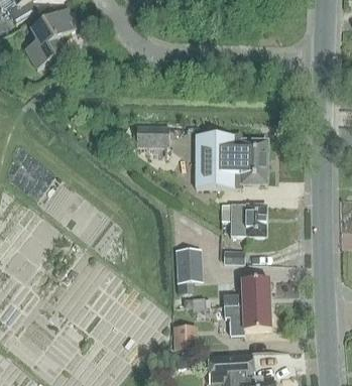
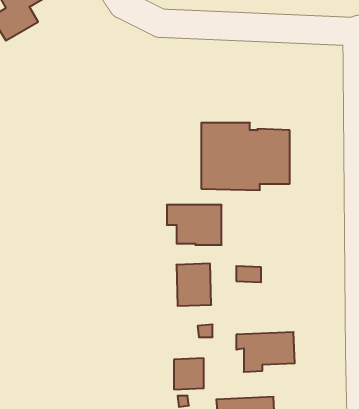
building: [136,126,168,146] -> none
building: [221,204,265,236] -> [167,205,222,245]
building: [222,278,269,305] -> none

